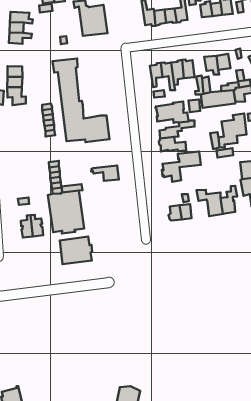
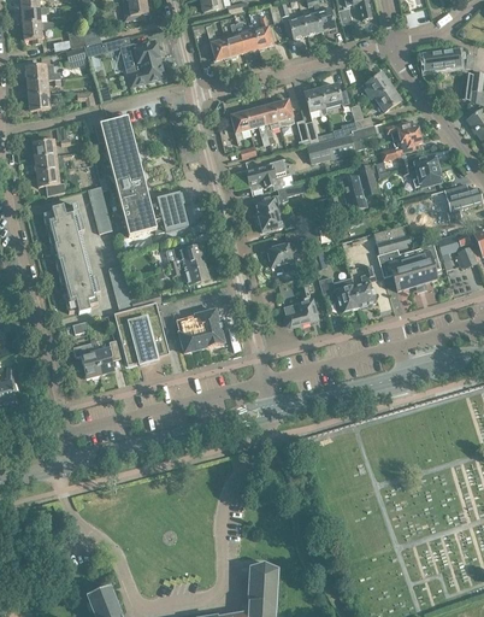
building: none -> [42,204,98,312]
building: none -> [169,241,203,268]
building: [60,236,92,264] -> [176,308,224,352]

